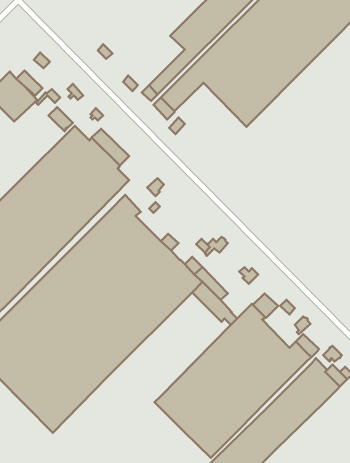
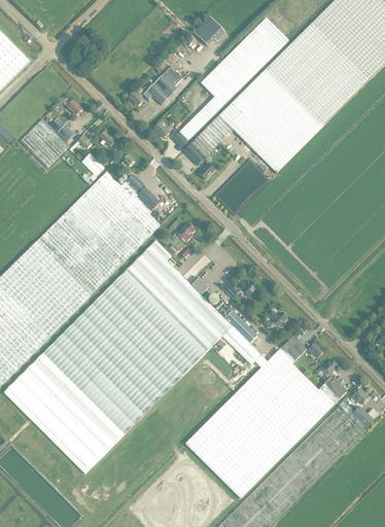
building: none -> [146,68,181,105]

